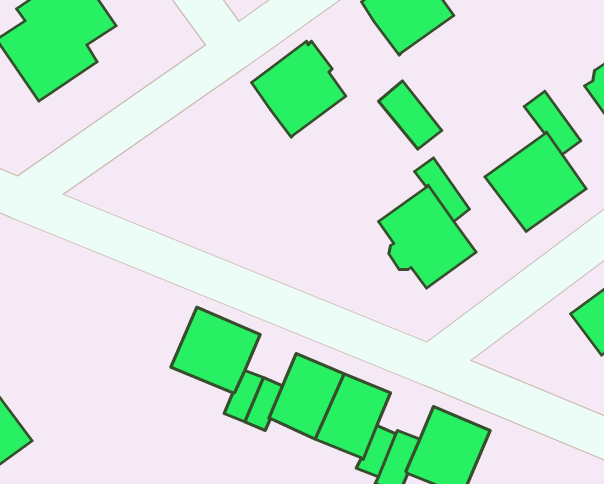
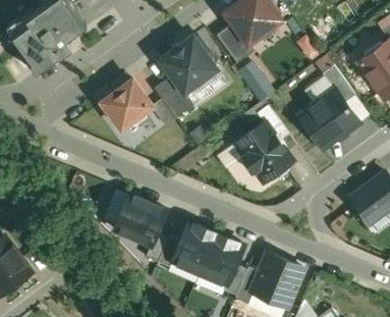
building: none -> [216,23,255,63]
building: none -> [154,76,194,118]
building: none -> [102,80,152,128]

